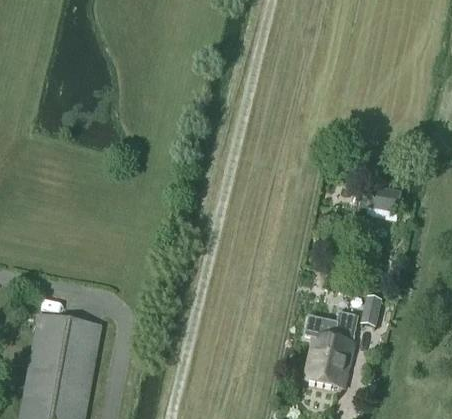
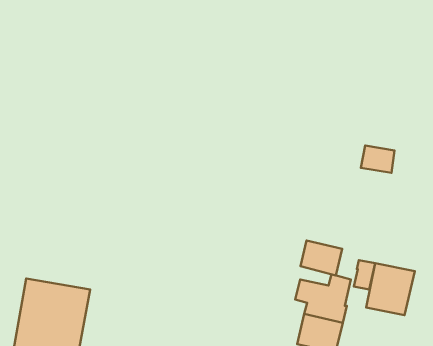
building: none -> [301,241,342,275]
building: none -> [366,263,415,315]

